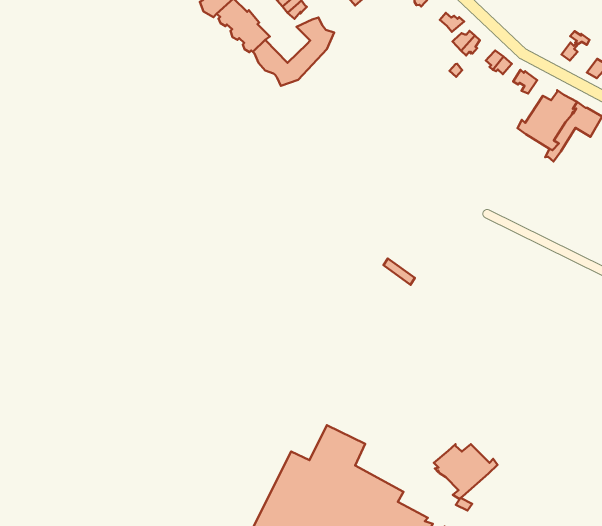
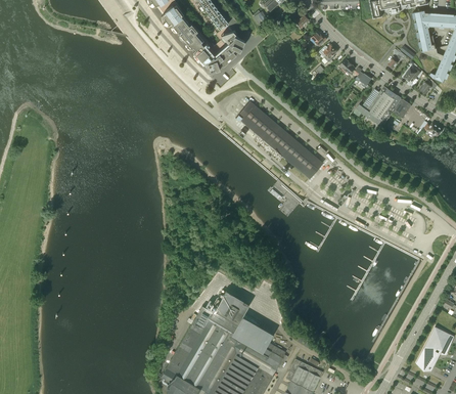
building: none -> [235,102,323,179]
building: [434,444,498,499] -> none

